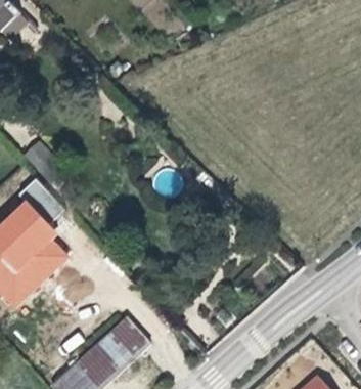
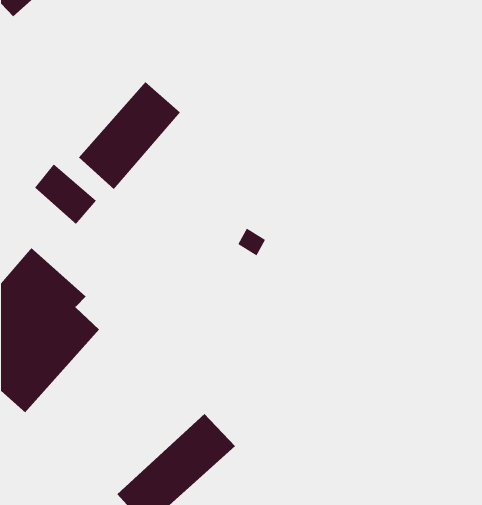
building: none -> [78,81,181,190]

